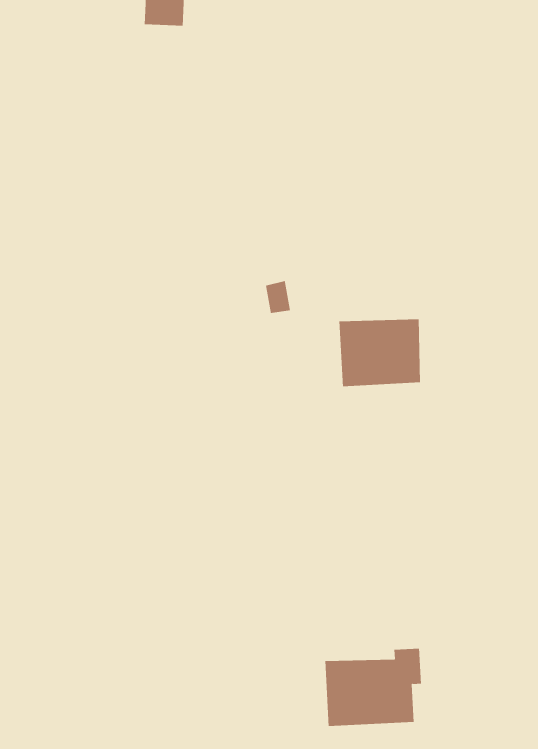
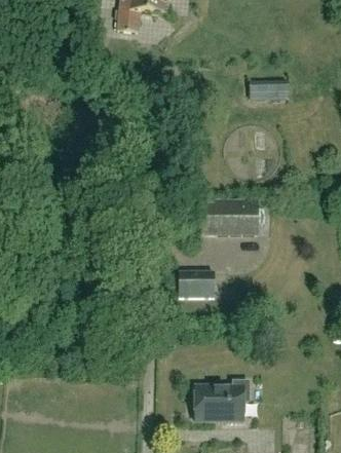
building: none -> [249,80,287,99]
building: none -> [177,272,214,299]

